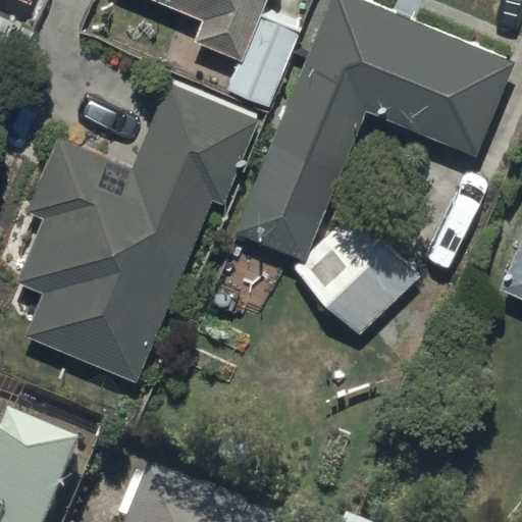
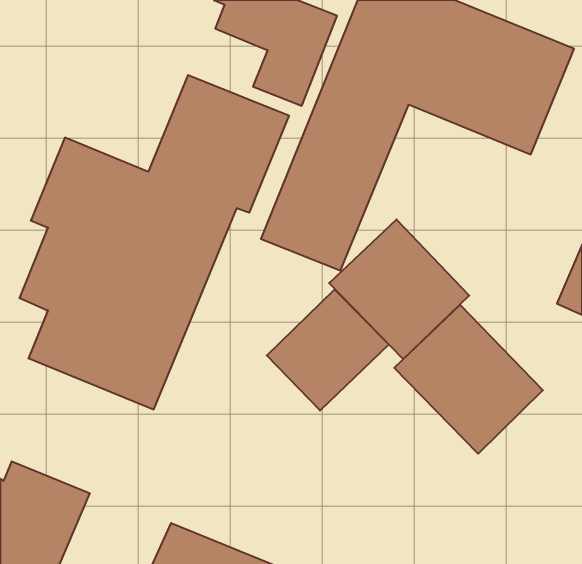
building: none -> [267,289,389,411]
building: none -> [394,305,543,454]

